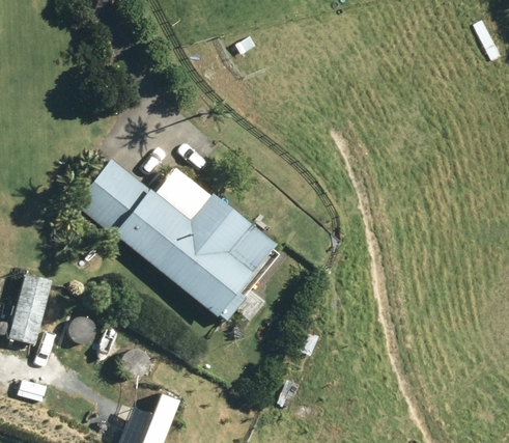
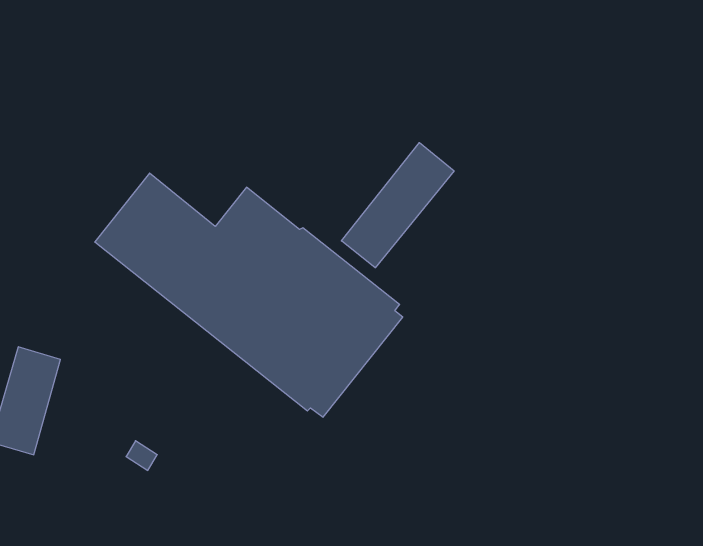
building: none -> [341,143,454,268]

